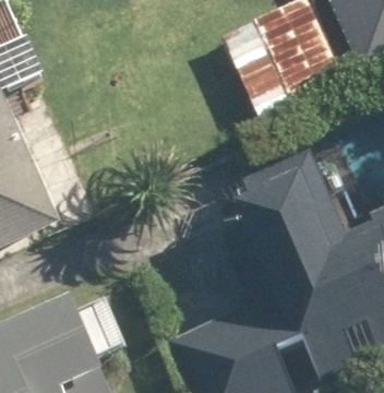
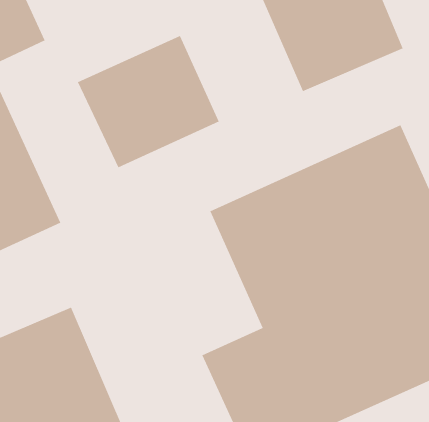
building: none -> [77,35,219,168]

